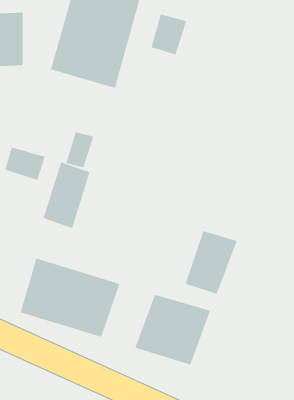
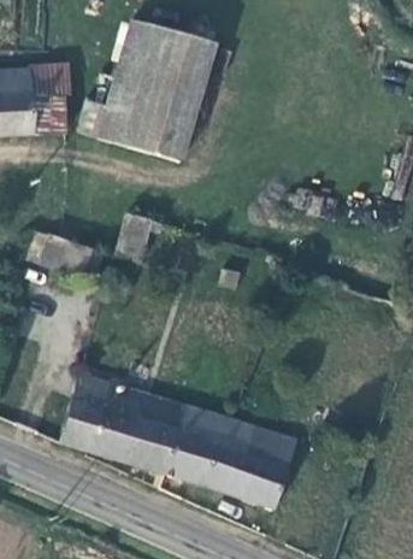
building: [151,14,187,55] -> none
building: [43,161,90,229] -> none
building: [185,230,237,294] -> [163,406,229,487]

